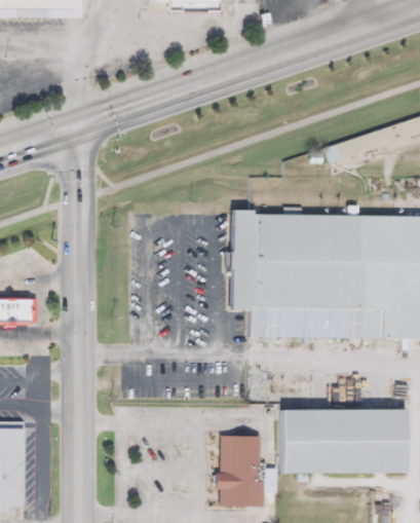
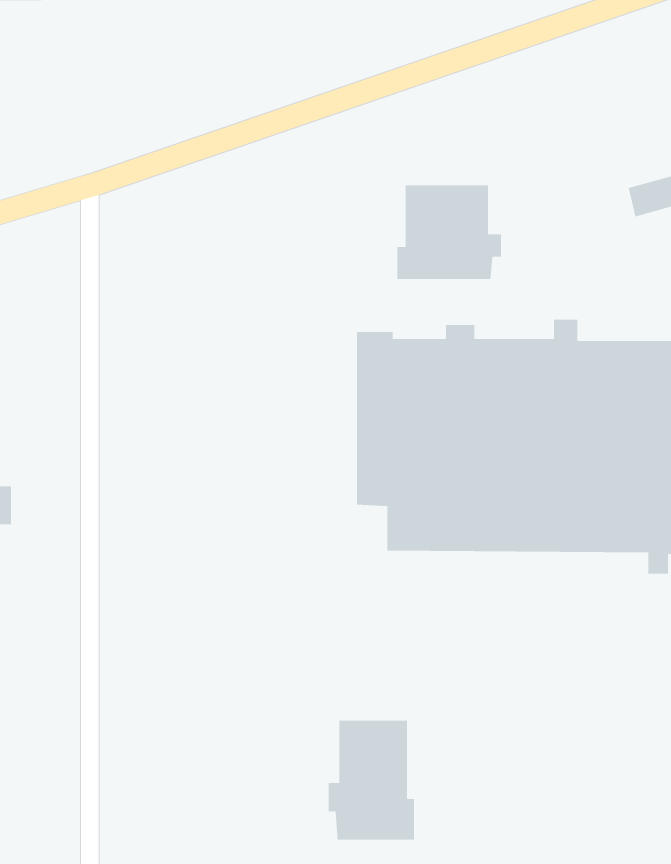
building: none -> [396,184,502,280]
building: [275,411,404,475] -> none

